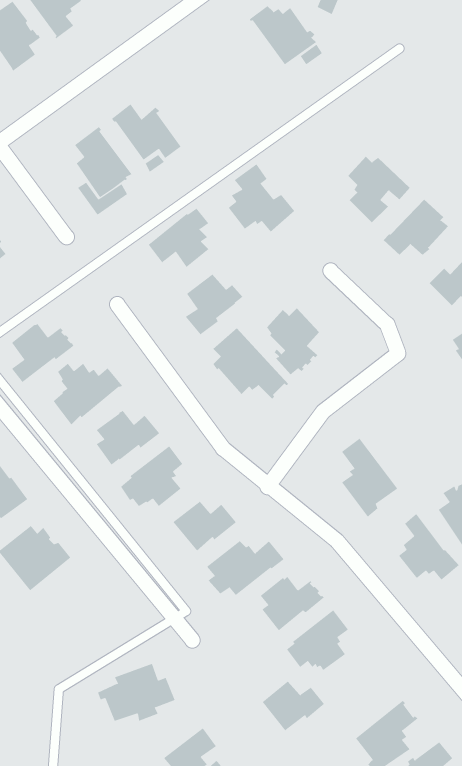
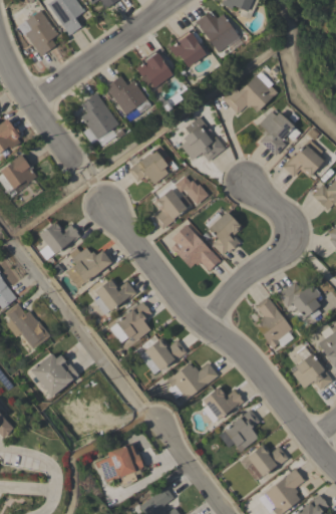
building: none -> [170,31,206,67]
building: none -> [136,51,173,96]
building: none -> [223,75,278,114]
building: none -> [177,174,207,206]
building: none -> [279,282,323,319]
building: [262,681,325,731] -> [248,443,289,476]

